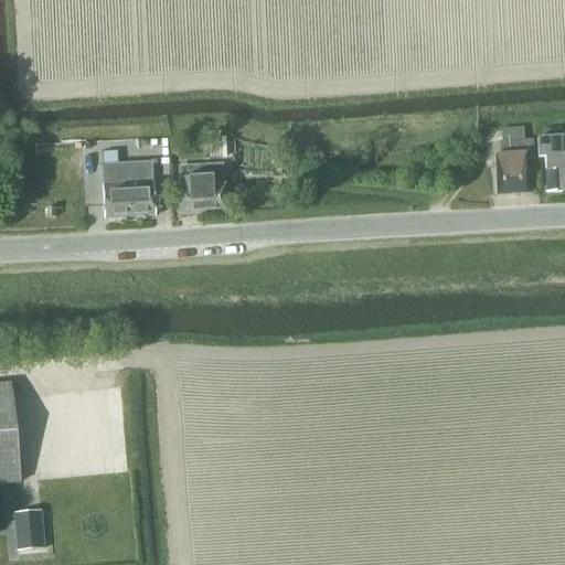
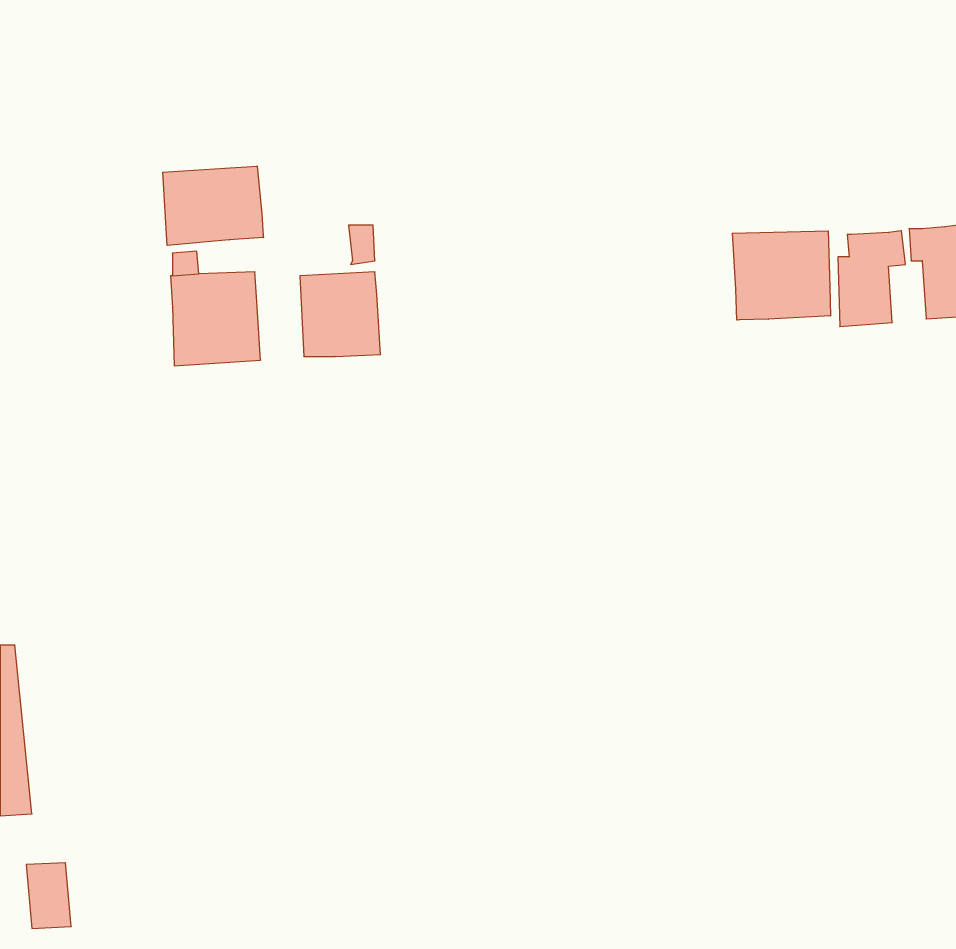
building: none -> [163,166,263,245]
building: none -> [732,231,831,320]

